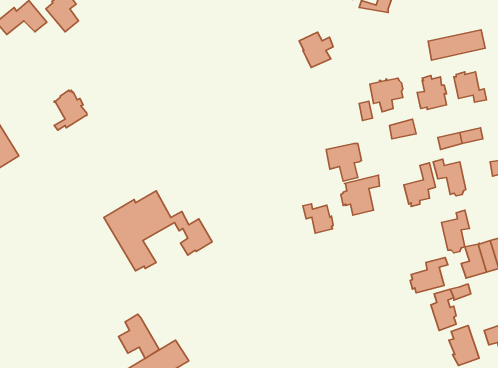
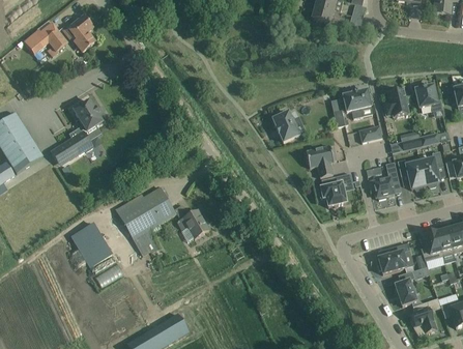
building: [428,30,485,60] -> none
building: [299,32,333,67] -> [272,111,301,141]
building: none -> [51,129,93,165]
building: [303,204,333,233] -> none
building: [442,210,470,253] -> [419,150,443,186]
building: none -> [70,222,112,267]
building: [118,314,159,358] -> none

